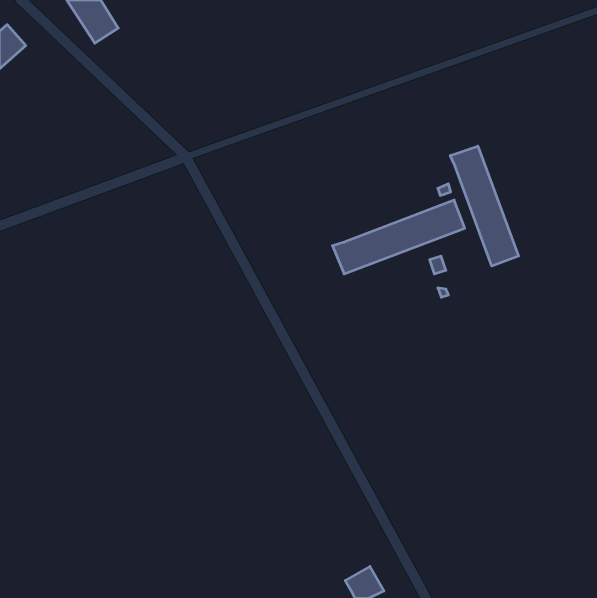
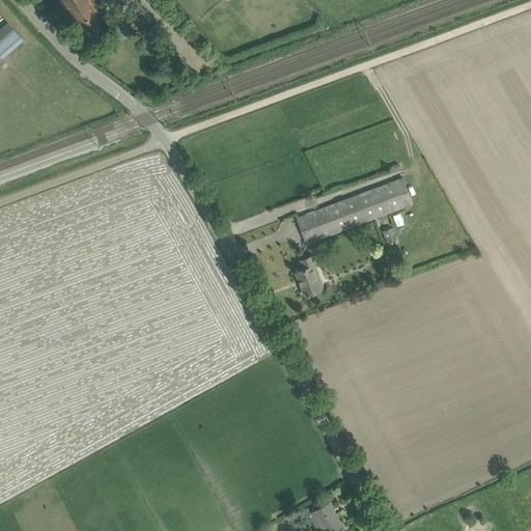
building: [450,146,519,266] -> none
building: none -> [295,256,323,296]

